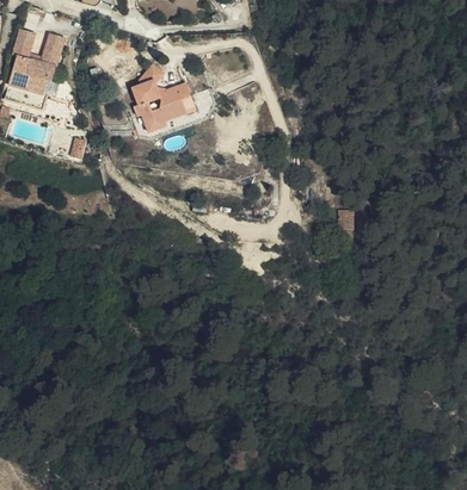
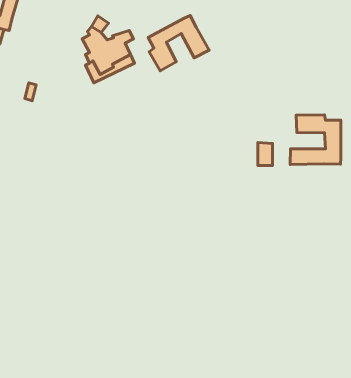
building: none -> [148,15,209,71]
building: none -> [290,115,341,164]

